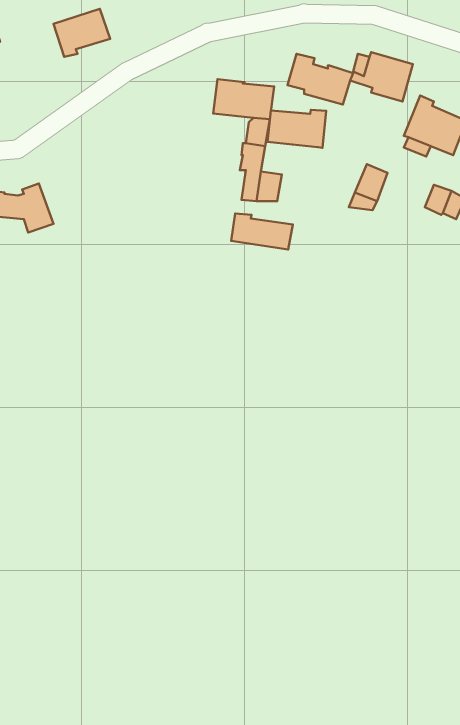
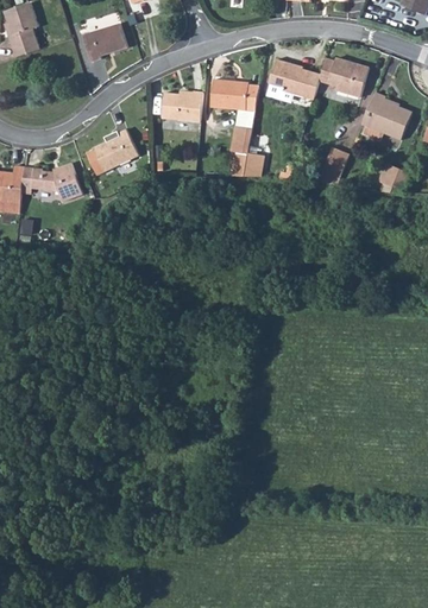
building: none -> [162,90,202,121]
building: [267,110,326,148] -> none
building: none -> [92,128,138,171]
building: [231,213,293,249] -> none

